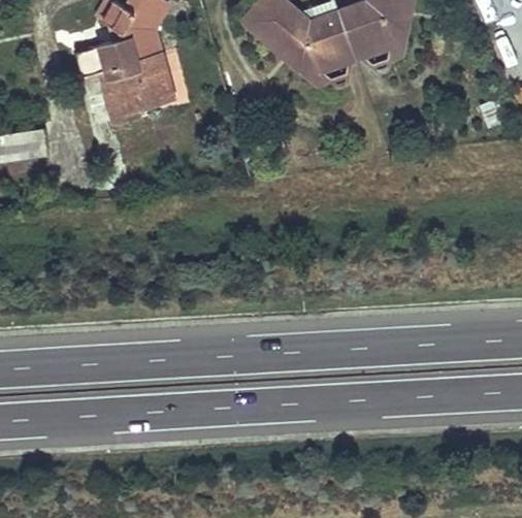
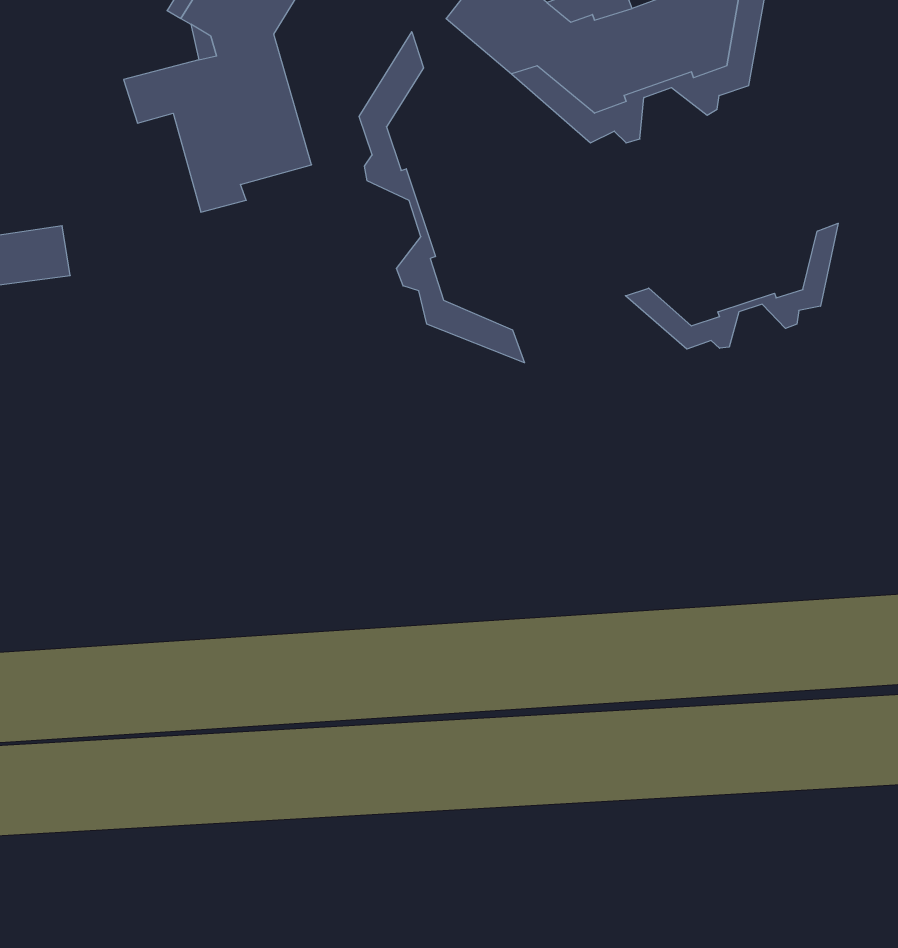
building: none -> [359,32,525,363]
building: none -> [625,223,838,349]

